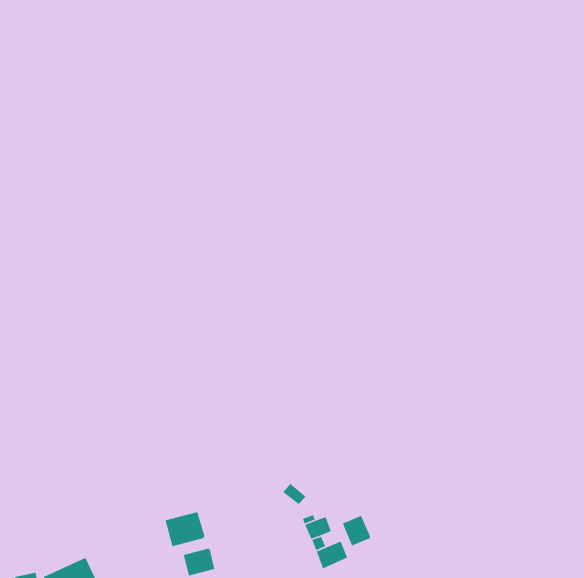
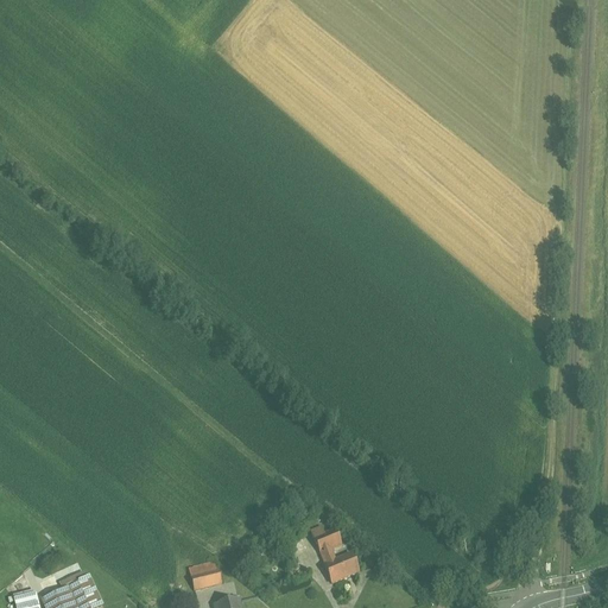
building: [165,511,205,547] -> none
building: [342,515,371,547] -> none

